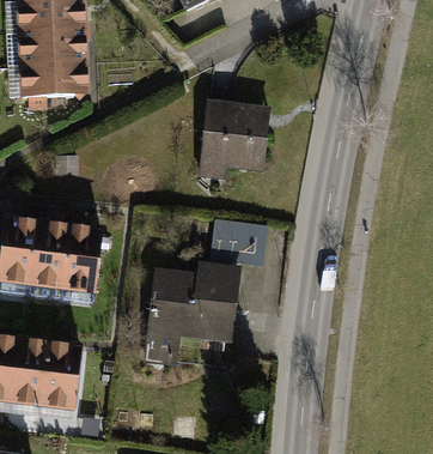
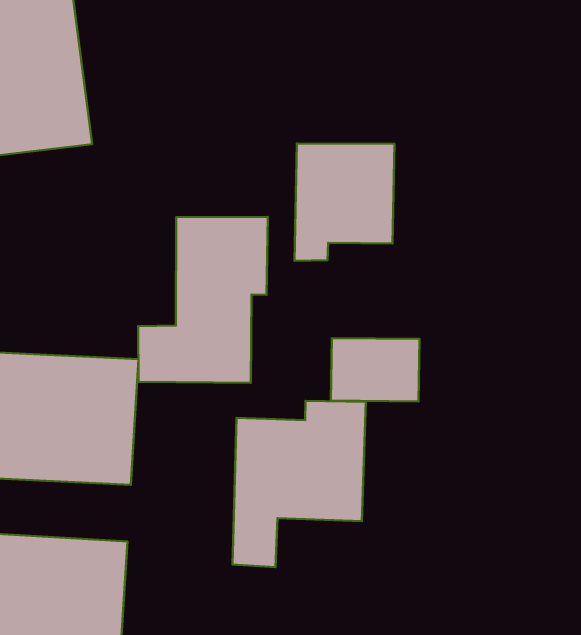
building: none -> [138,217,268,383]

